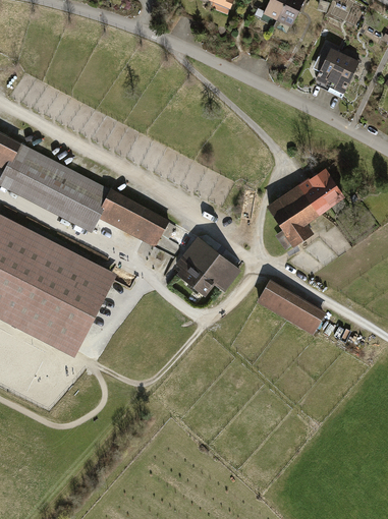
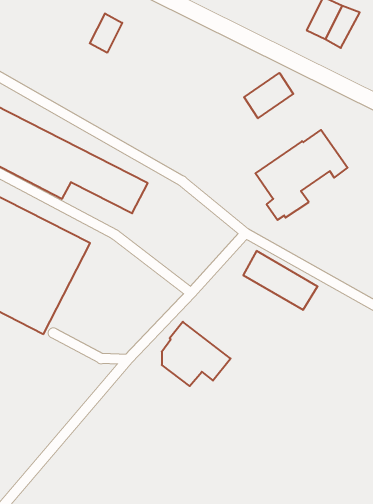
building: none -> [90,13,122,53]
building: none -> [244,73,293,118]
building: [177,236,240,295] -> [162,322,231,386]

